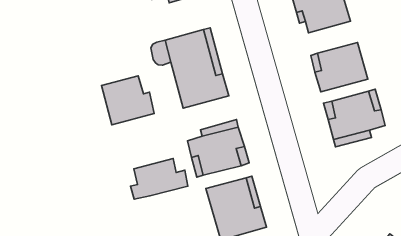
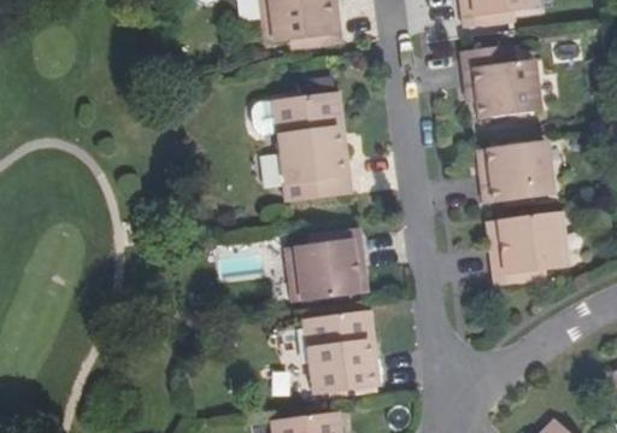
building: [102,76,154,125] -> none
building: [131,159,188,199] -> none

